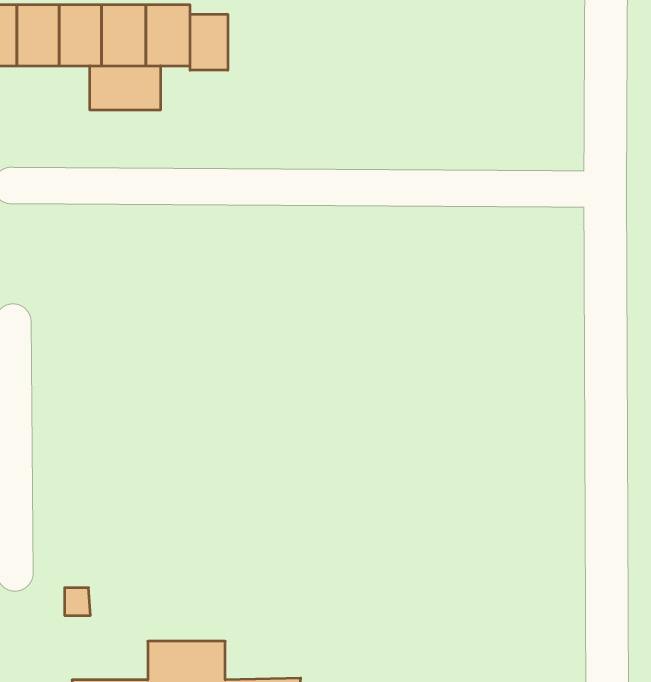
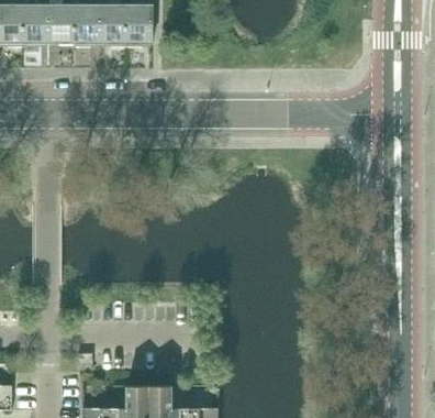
building: [190,14,228,70] -> none
building: [90,66,160,110] -> none

